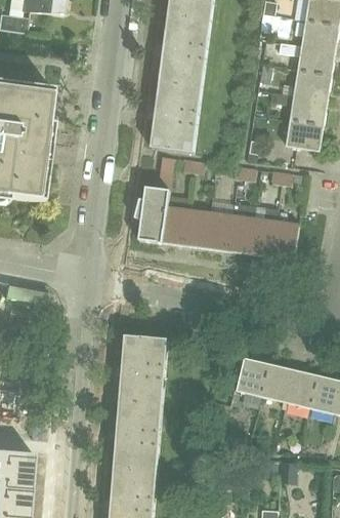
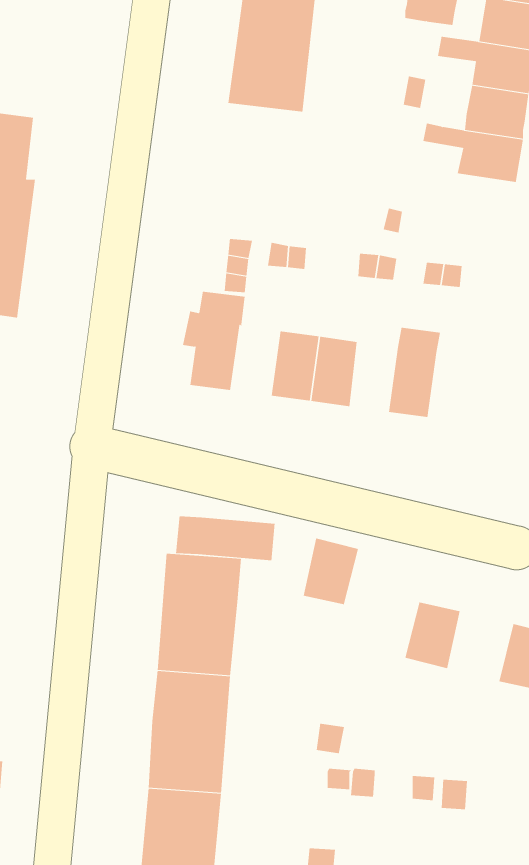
building: [152,79,203,152] -> none
building: [286,119,324,150] -> none
building: [229,203,258,254] -> none
building: [162,205,189,245] -> none
building: [273,221,301,261] -> none
building: none -> [176,516,275,561]
building: [237,356,268,394] -> [303,538,359,605]
building: [285,367,322,407] -> none

